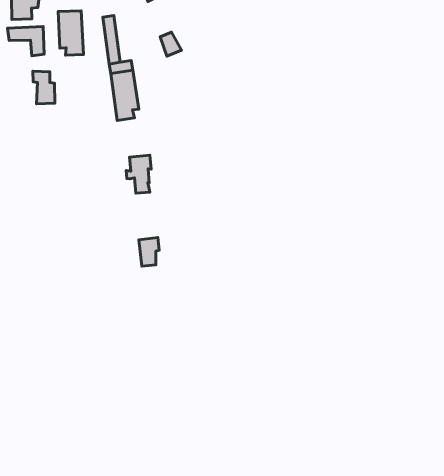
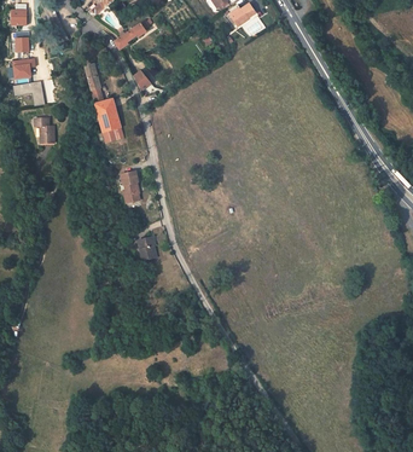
building: [58,11,84,55] -> none

